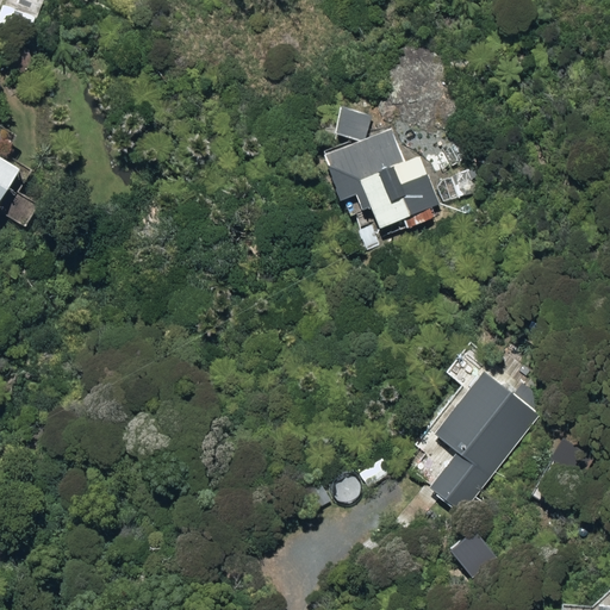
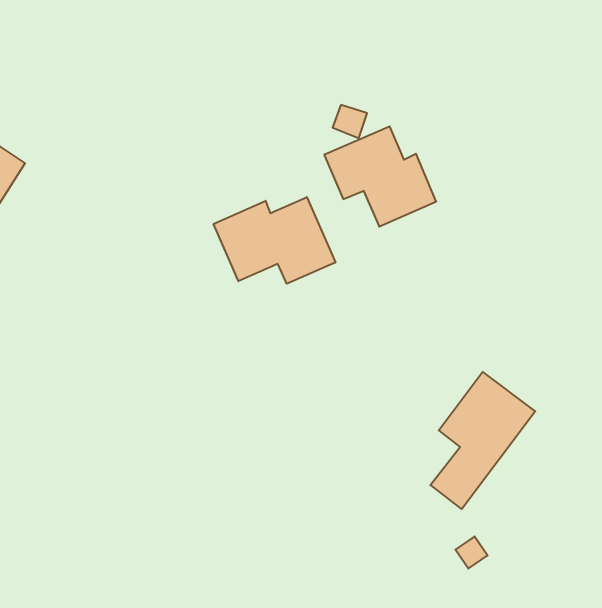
building: none -> [214,197,335,284]

